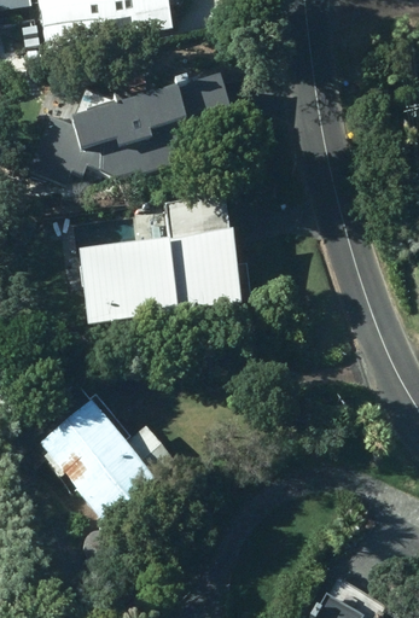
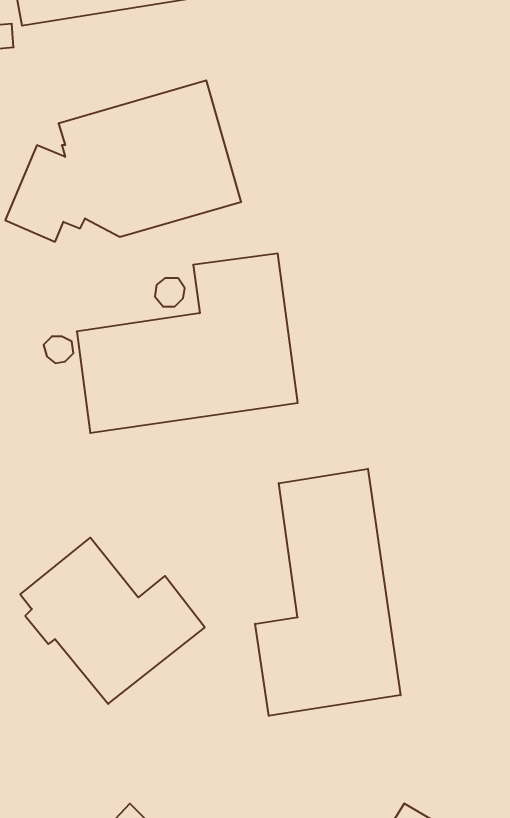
building: none -> [255,469,401,716]

